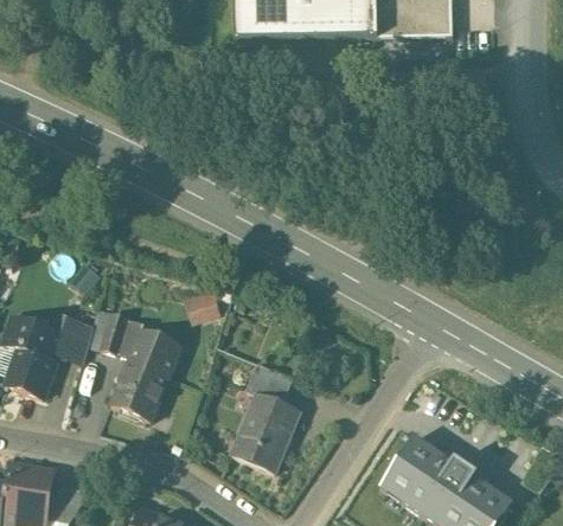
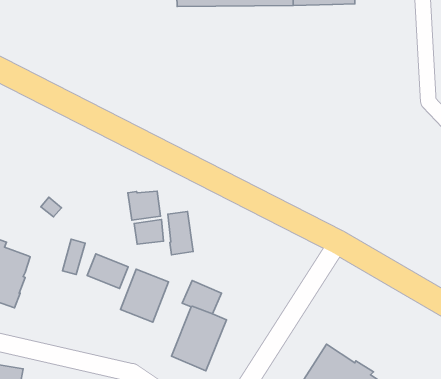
building: none -> [128,191,161,220]
building: none -> [168,211,193,255]
building: [55,317,91,364] -> none
building: [110,358,168,422] -> [120,269,169,322]

